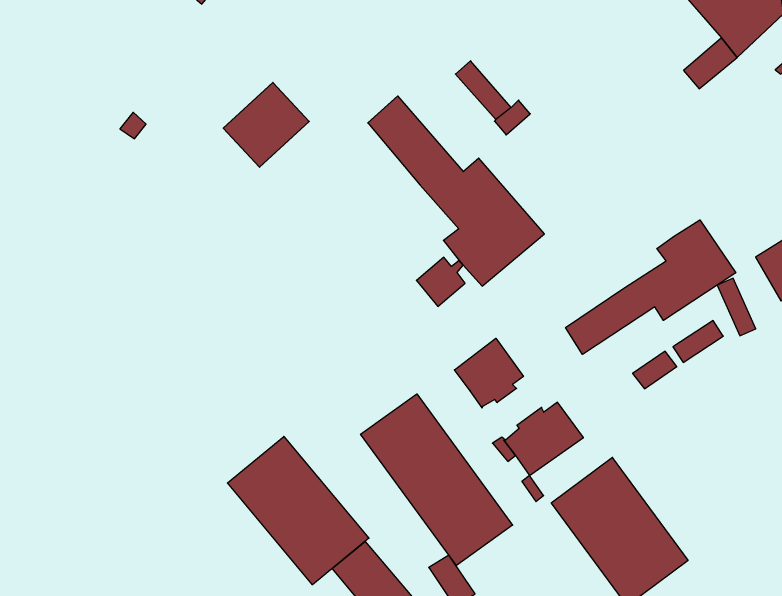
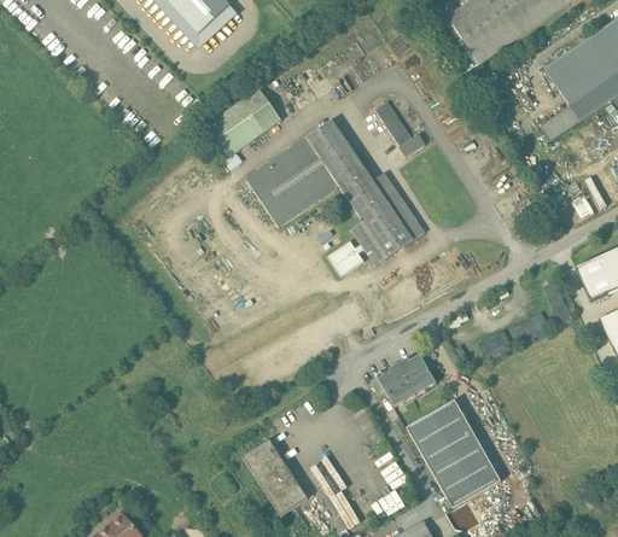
building: none -> [241,87,281,130]
building: none -> [245,136,339,226]
building: [566,220,736,354] -> none
building: [454,338,523,408] -> none
building: [361,394,513,565] -> none
building: [227,436,369,585] -> none

